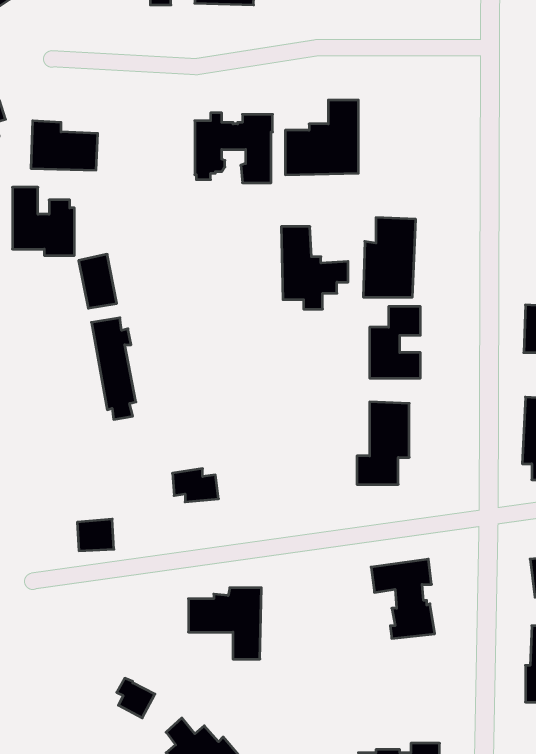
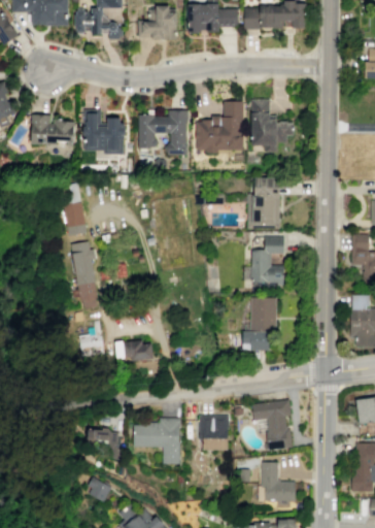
building: [12,187,74,255] -> [83,109,124,154]
building: [281,227,348,309] -> [250,99,294,153]
building: [77,519,114,551] -> [79,335,103,356]
building: none -> [199,416,228,451]
building: none -> [88,428,120,460]
building: none -> [261,462,295,504]

